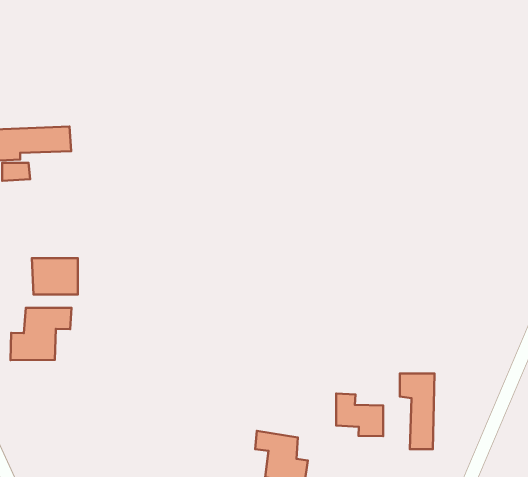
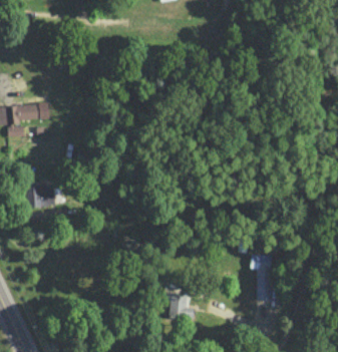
building: [11,308,72,360] -> none
building: [336,394,383,436] -> none

